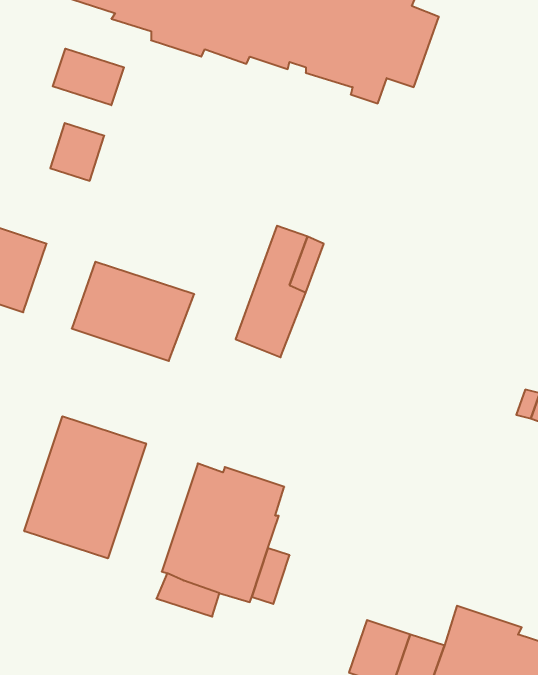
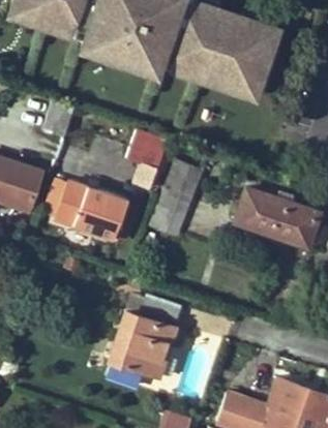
building: [53,49,124,105] -> none
building: none -> [127,131,169,170]
building: none -> [235,189,319,248]
building: [24,416,146,558] -> none

